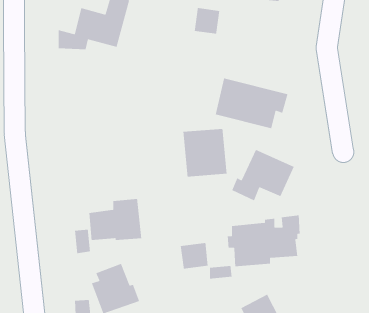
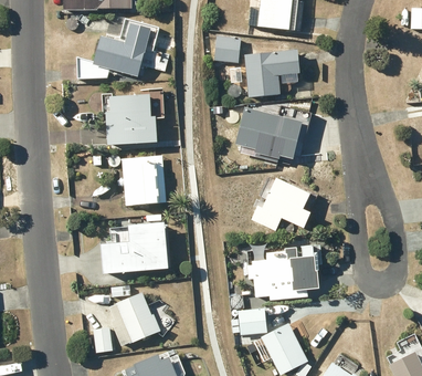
building: none -> [244,51,300,96]
building: none -> [105,93,157,144]
building: [182,128,227,177] -> [122,156,167,206]
building: [180,242,208,270] -> [238,309,266,336]

